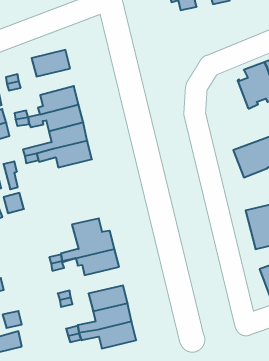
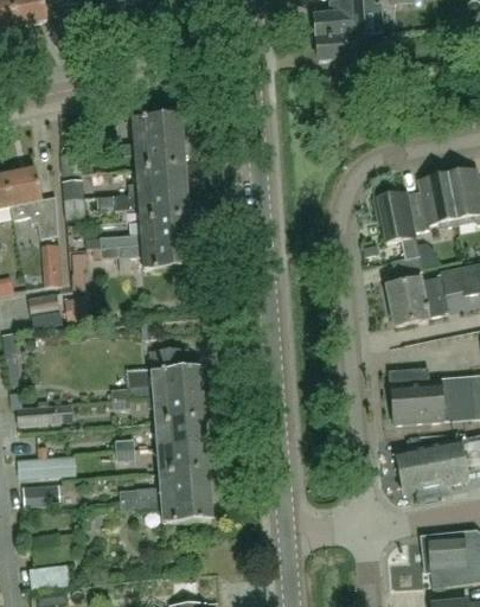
building: none -> [121,138,184,167]
building: none -> [373,191,424,276]
building: none -> [156,417,206,447]

